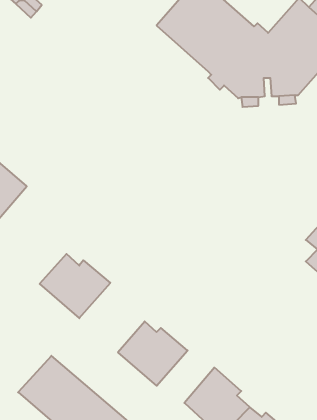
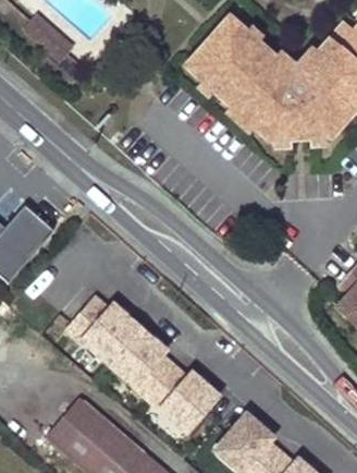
building: none -> [108,326,174,397]

